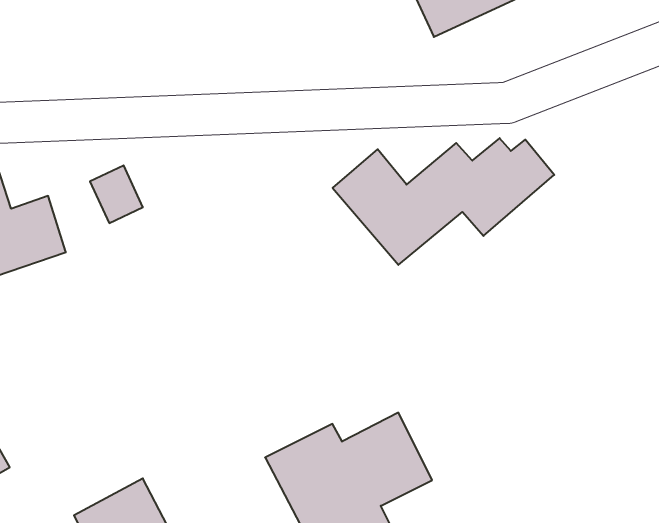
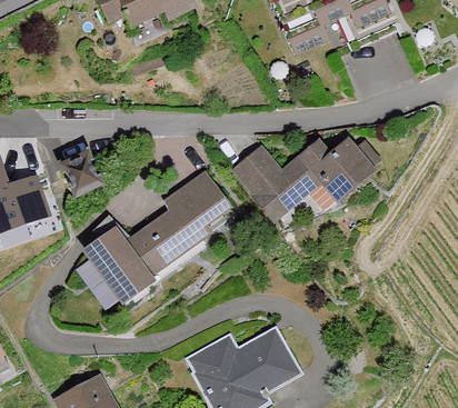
building: none -> [78,176,232,302]

